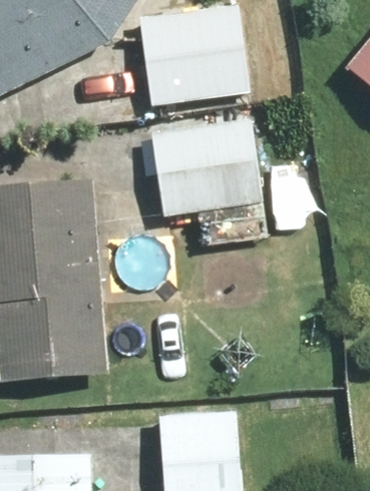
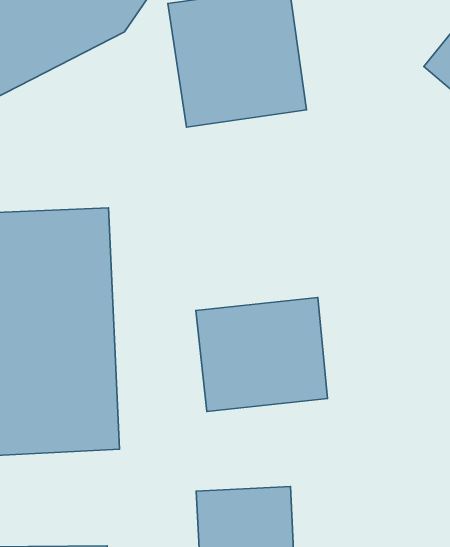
building: [95,122,263,249] -> none
building: none -> [196,298,328,411]

